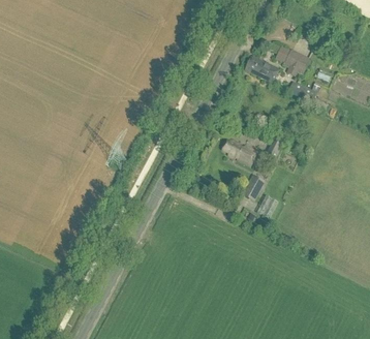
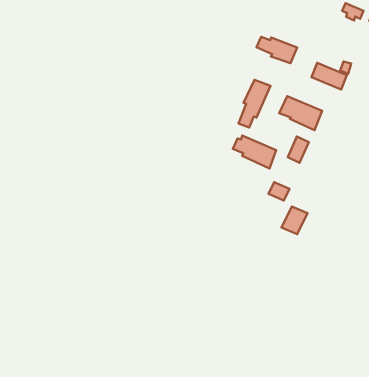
building: [275,44,310,73] -> [279,96,322,130]
building: none -> [238,80,270,128]

